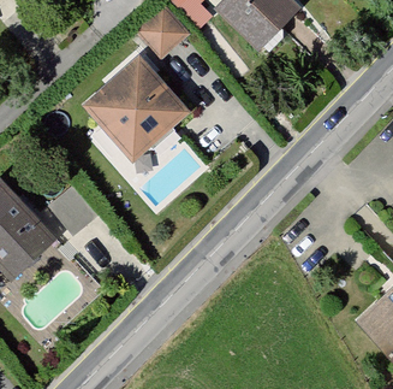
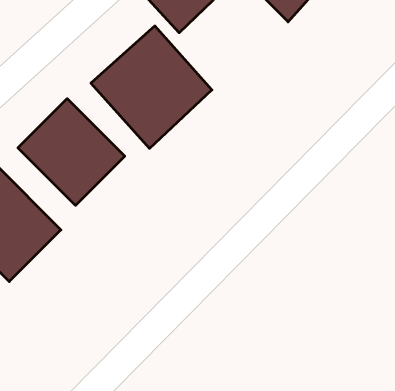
building: none -> [18,99,125,205]

